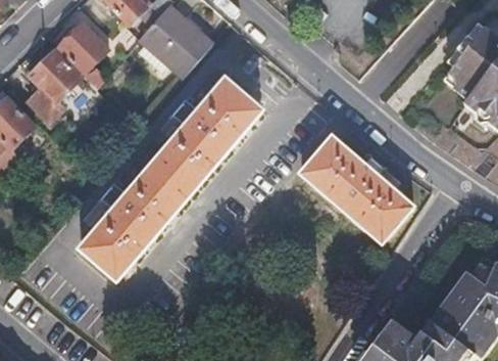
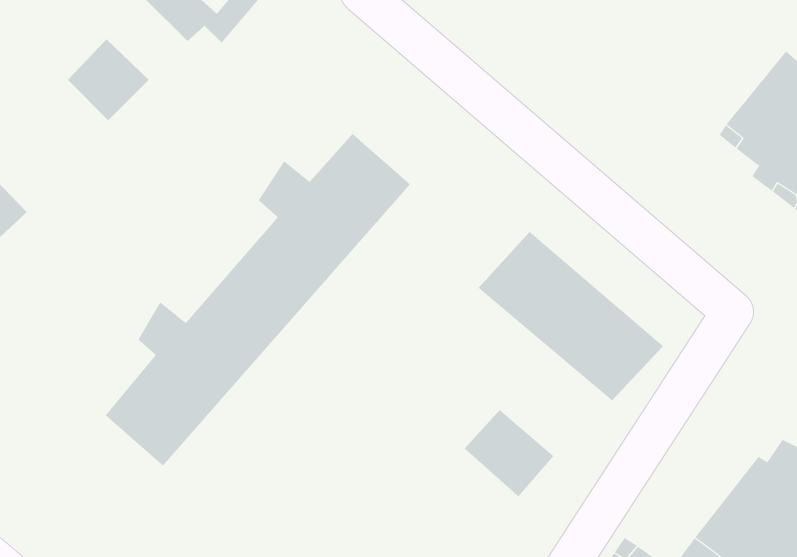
building: [139,7,211,78] -> none
building: [26,53,78,125] -> none
building: none -> [464,409,554,497]

